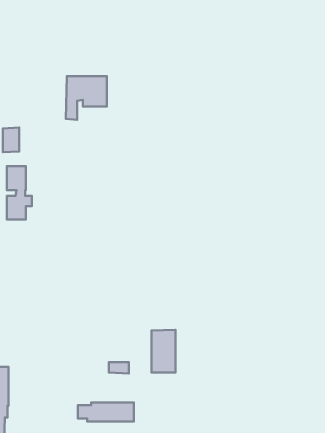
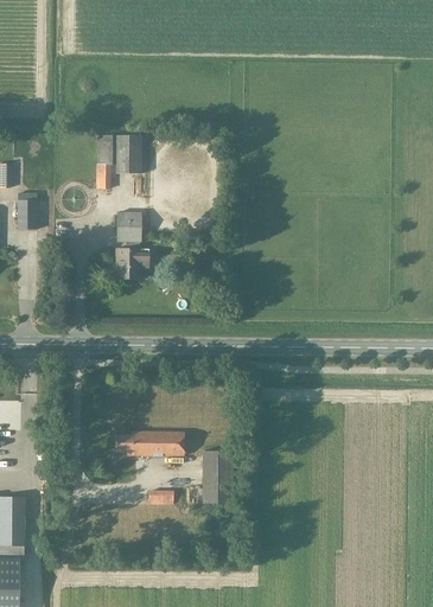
building: [7,166,32,220] -> [116,213,147,280]
building: [78,402,134,421] -> [114,433,184,456]

